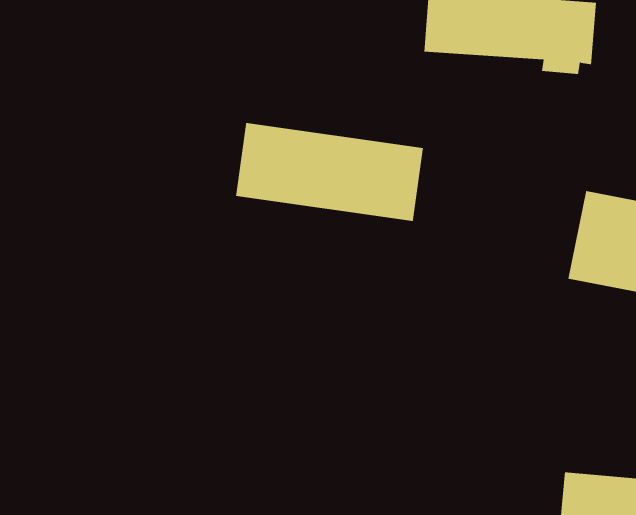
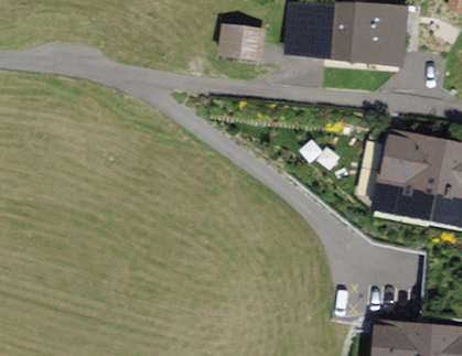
building: none -> [223,21,265,52]
building: [235,122,424,222] -> none

